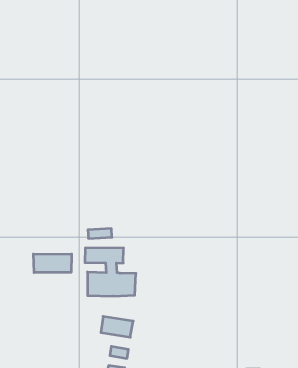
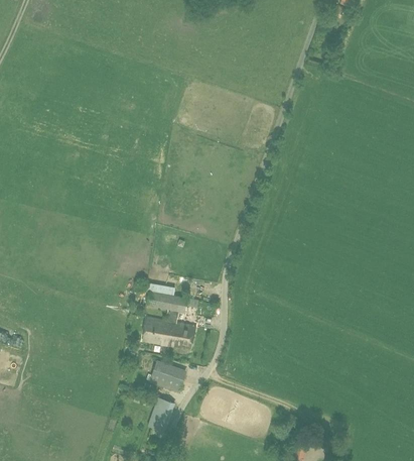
building: [33,254,72,273] -> none

